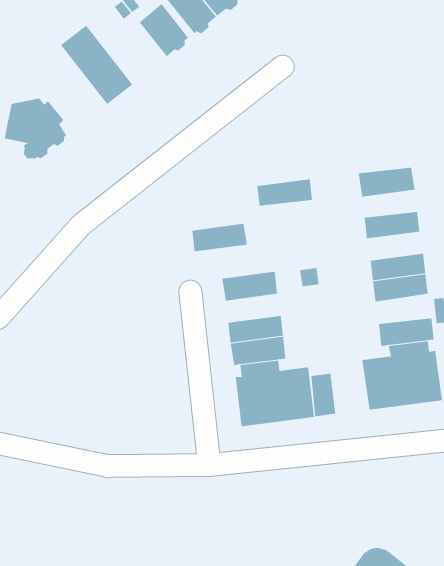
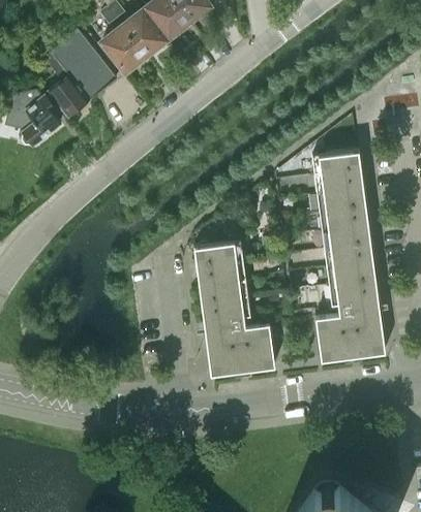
building: none -> [102,28,147,73]
building: none -> [42,47,95,120]
building: [256,179,313,206] -> [315,172,364,196]
building: [191,223,248,252] -> [198,262,246,287]
building: none -> [320,209,369,233]
building: none -> [327,262,377,288]
building: [311,373,336,417] -> none

